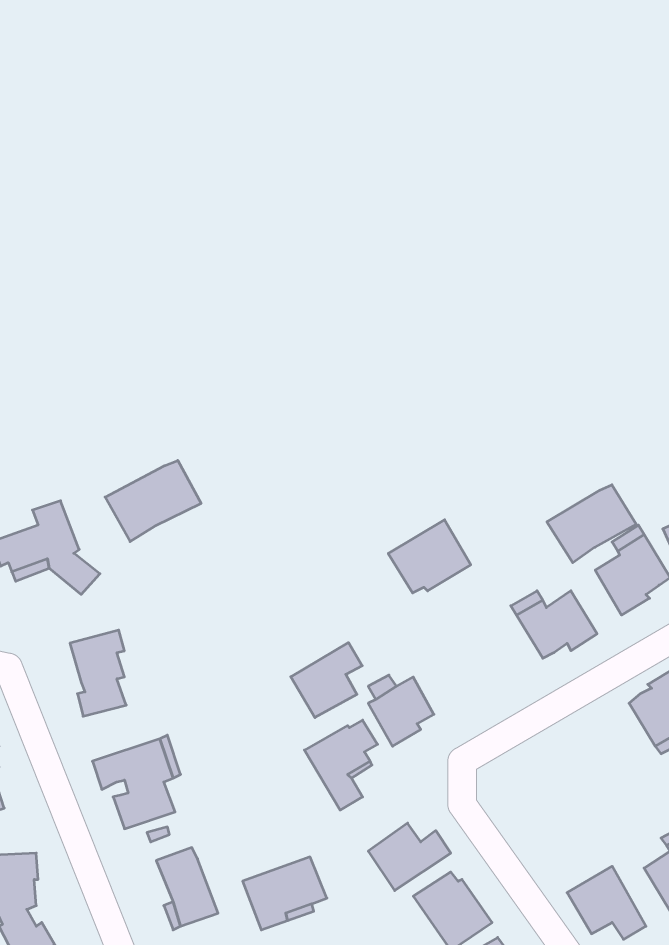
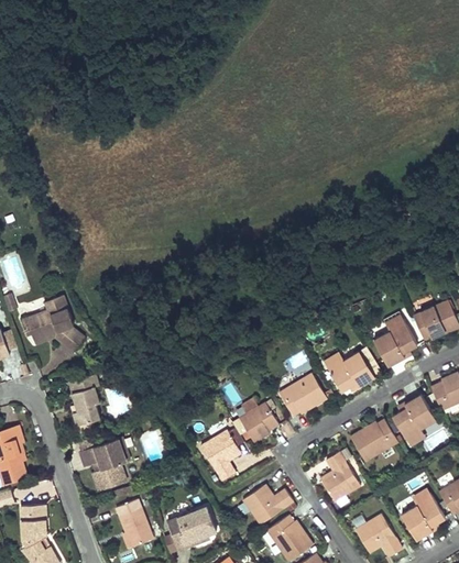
building: [105,460,201,542] -> none
building: [547,485,636,563] -> none
building: [388,520,471,593] -> [280,372,328,415]
building: [291,643,362,718] -> none
building: none -> [352,420,400,462]
building: none -> [321,452,361,503]

